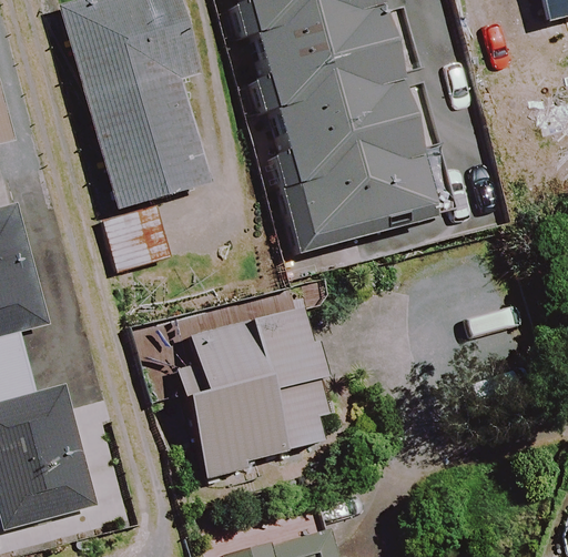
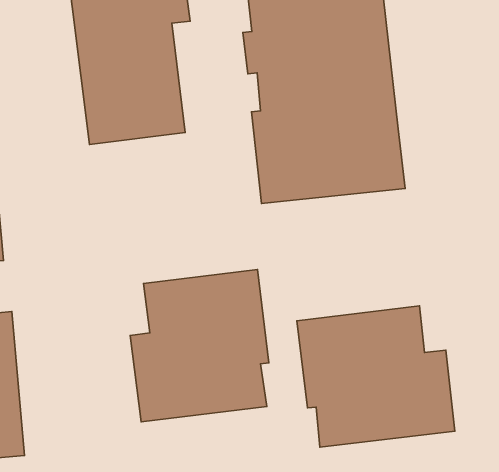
building: none -> [297,306,455,447]

